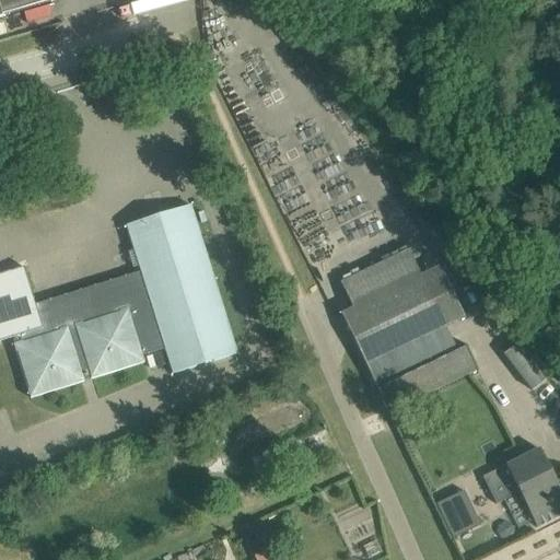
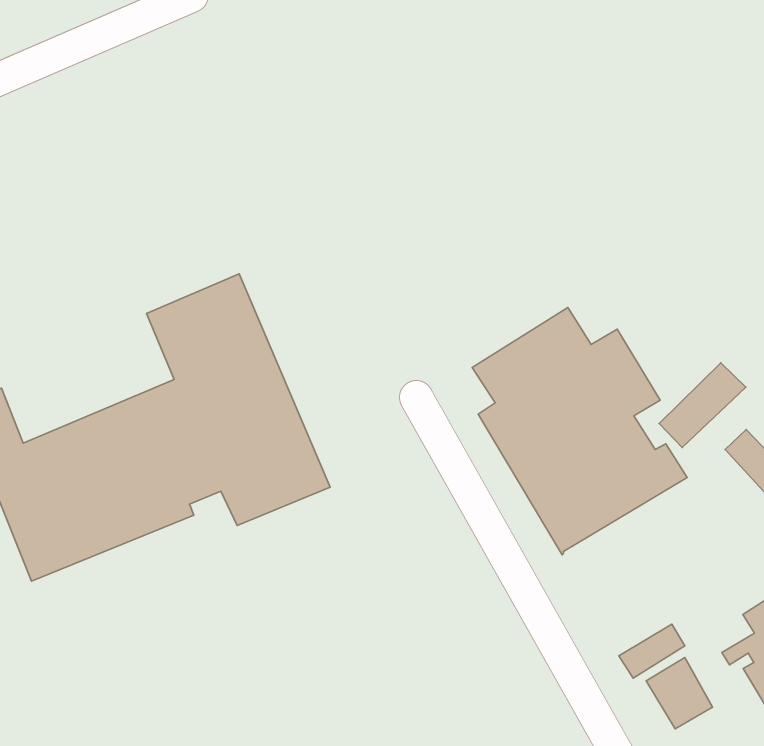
building: none -> [659,363,746,448]
building: none -> [619,624,685,678]

